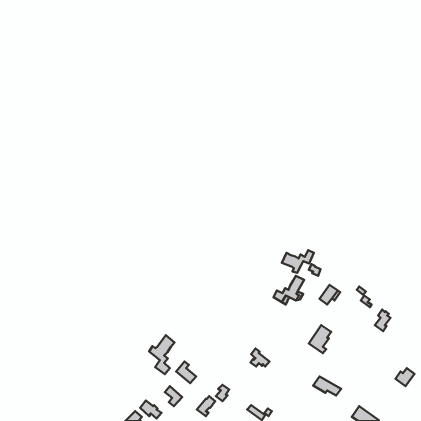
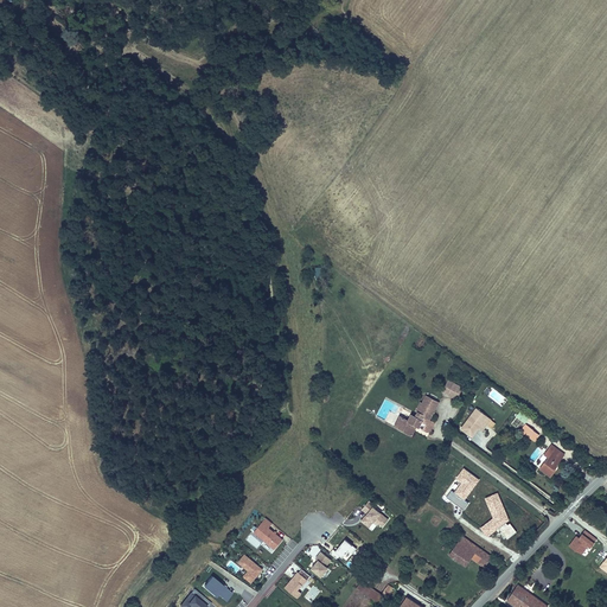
building: [282,250,314,273] -> none
building: [149,335,175,374] -> none
building: none -> [481,492,517,536]

